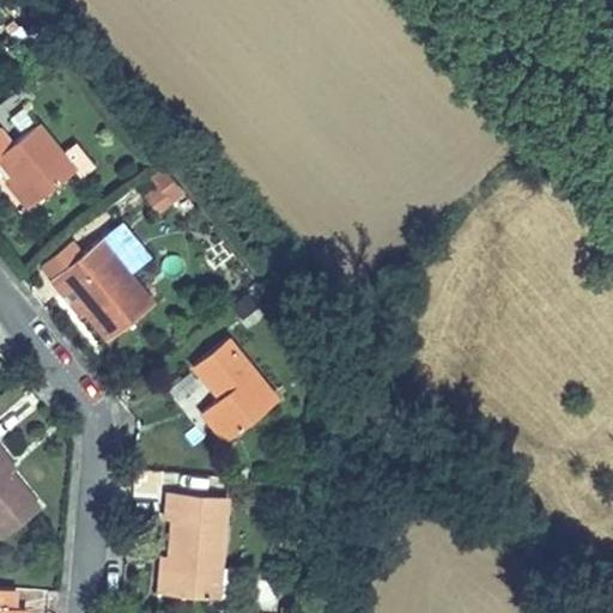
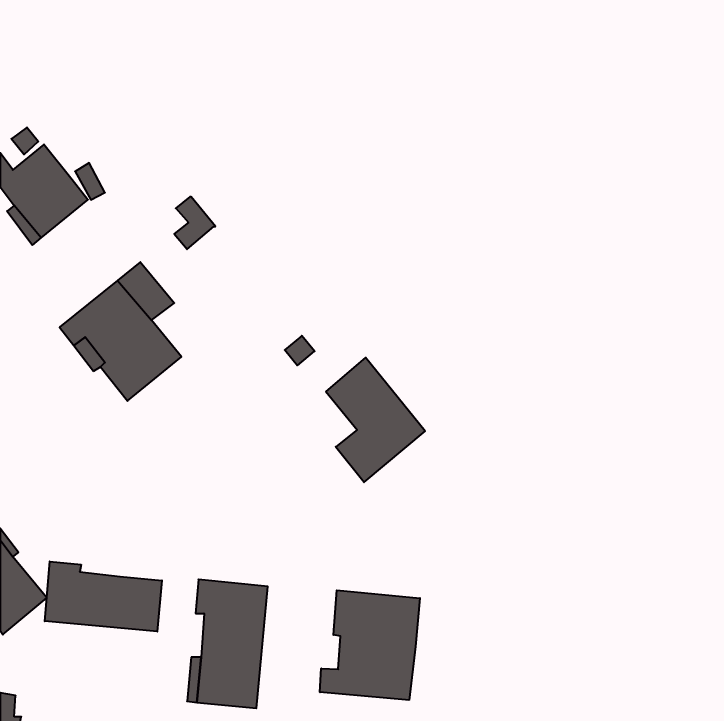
building: [193,338,277,443] -> [326,358,425,482]
building: none -> [45,561,162,632]
building: none -> [320,590,420,700]

